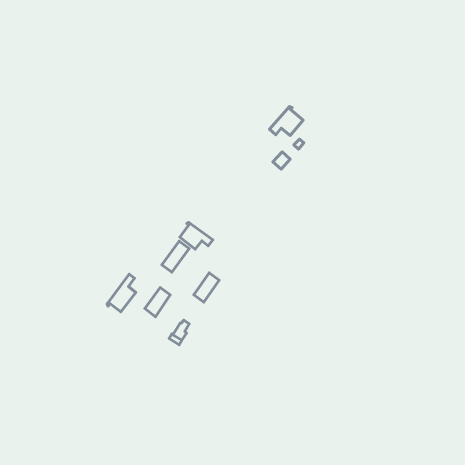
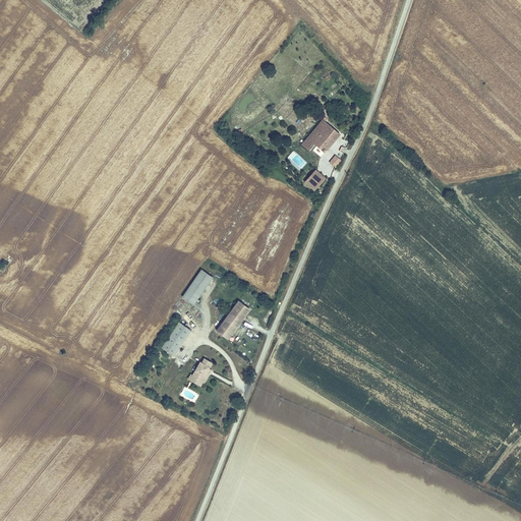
building: [180,222,213,249] -> none
building: [107,274,136,312] -> none

